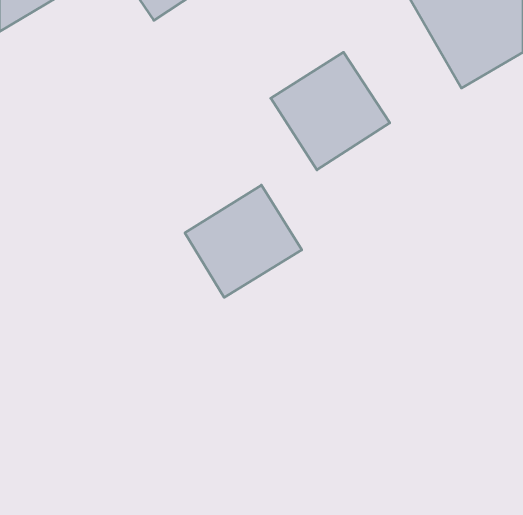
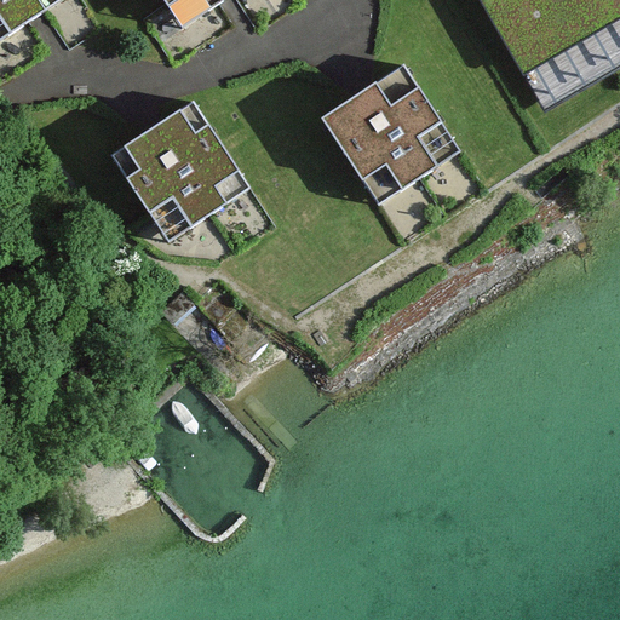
building: none -> [110,101,249,242]
building: [185,185,302,297] -> none

